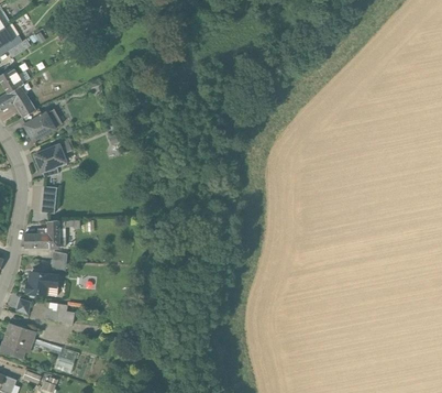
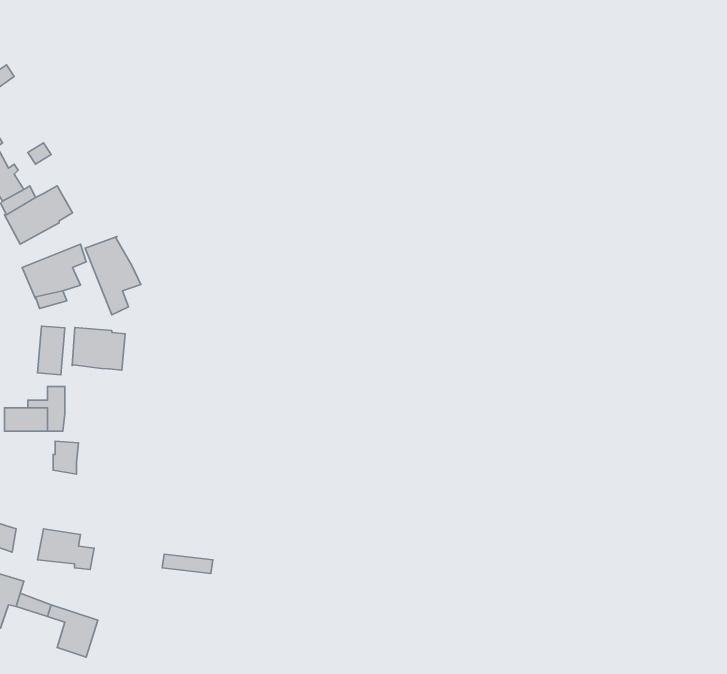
building: none -> [85,237,141,315]
building: none -> [72,327,125,370]
building: [26,272,59,296] -> none

